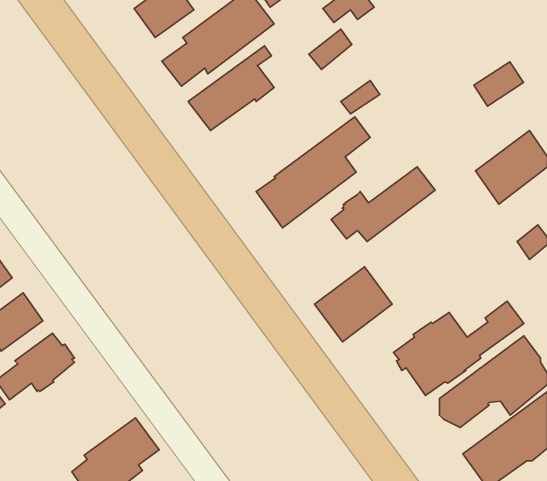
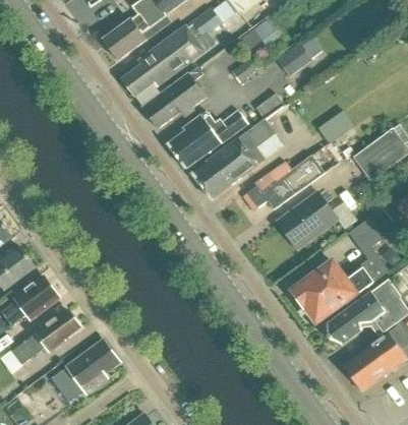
building: none -> [276,42,311,76]
building: [474,62,524,106] -> [315,109,352,141]
building: none -> [168,111,246,168]
building: none -> [348,218,384,253]
building: [315,267,392,342] -> [280,191,337,246]
building: none -> [12,310,79,364]

